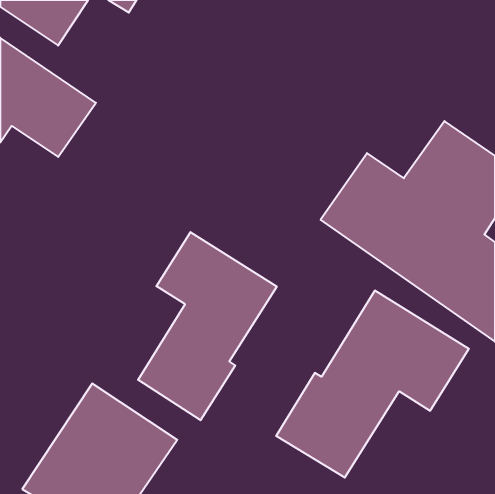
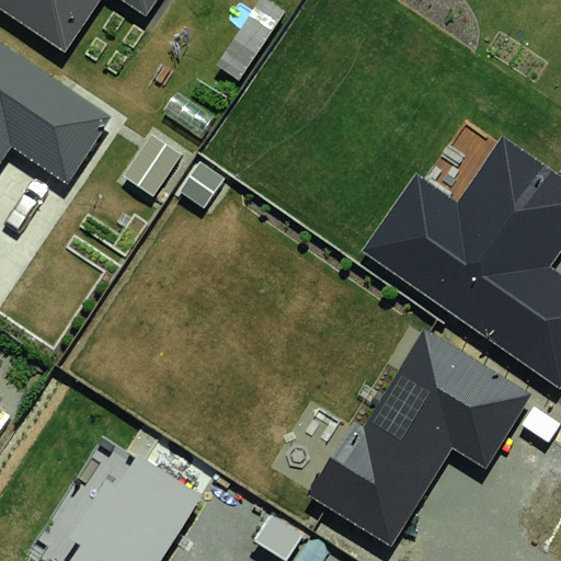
building: [138,232,277,420] -> none

